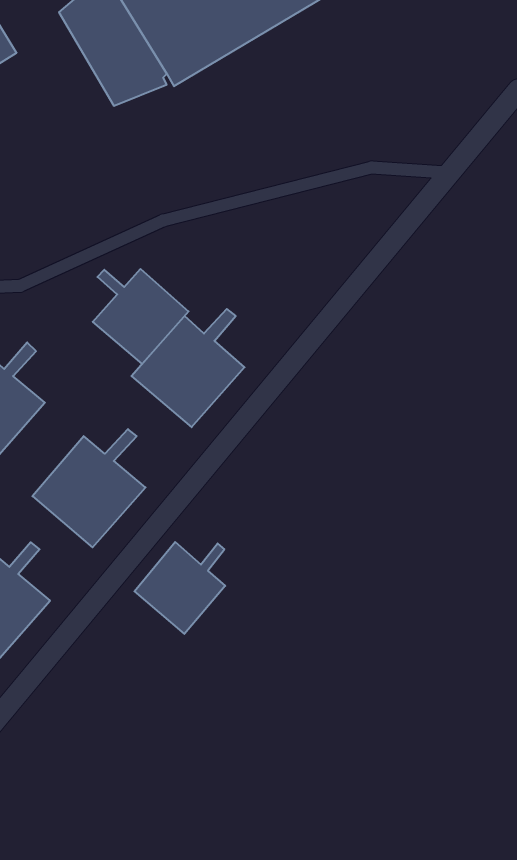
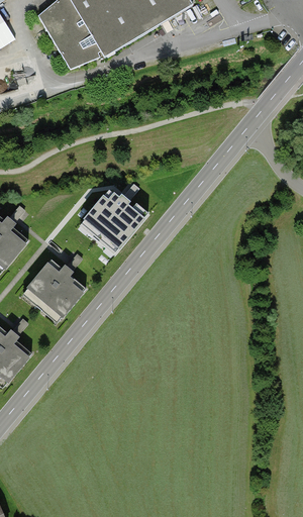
building: [93,269,189,364] -> none
building: [134,542,225,634] -> none

